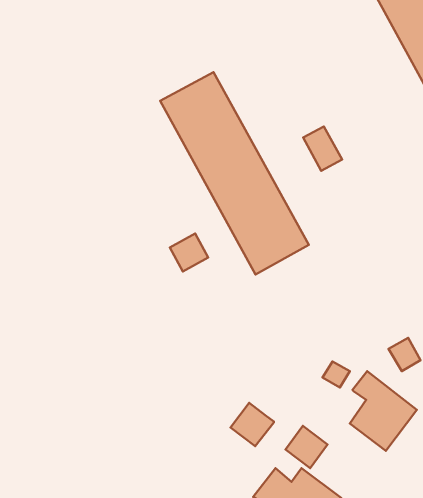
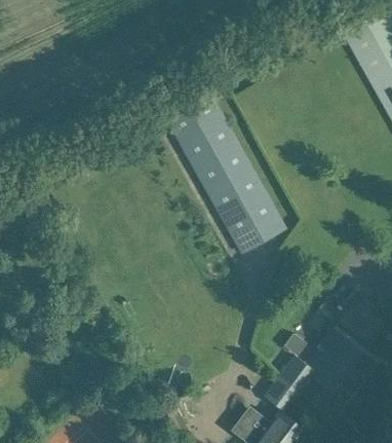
building: [303,126,342,171] -> none
building: [170,233,208,272] -> none
building: [230,403,274,446] -> [280,359,316,395]

